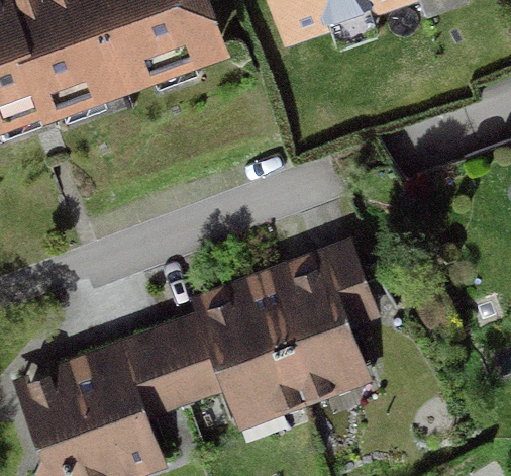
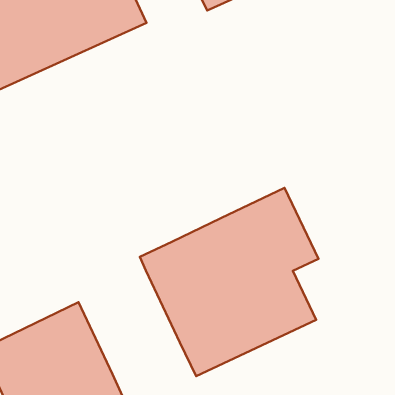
building: [121,312,225,419] -> none

